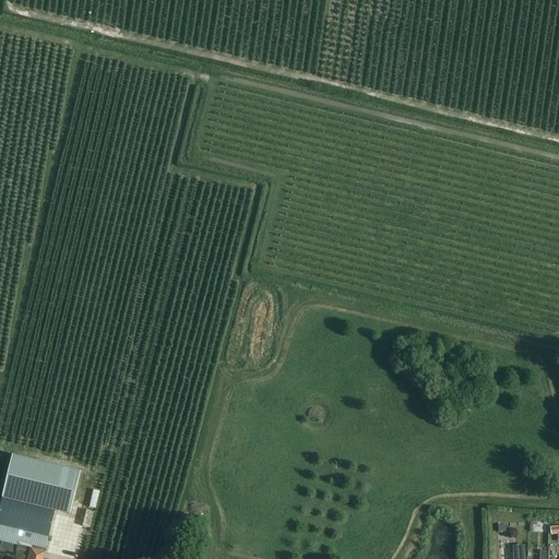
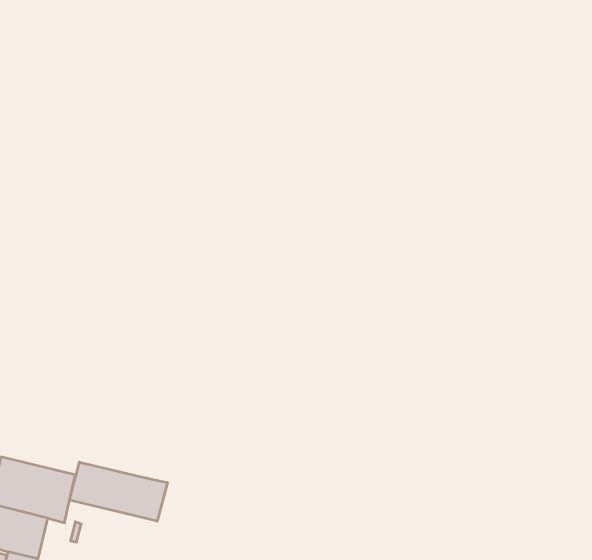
building: none -> [70,462,167,521]

